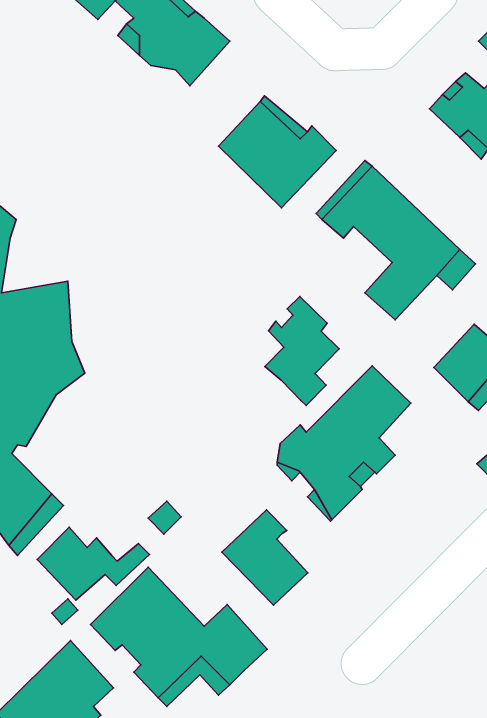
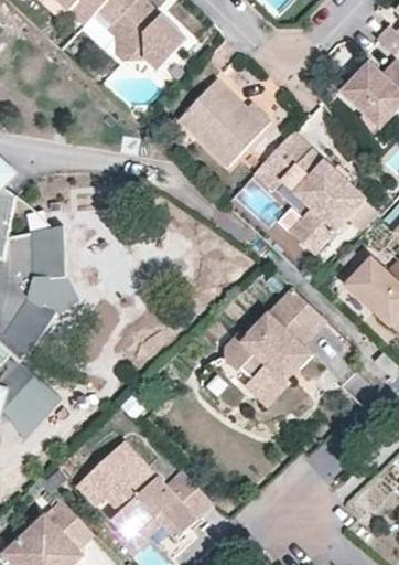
building: [265,297,339,406] -> none
building: [222,510,308,605] -> none
building: [37,527,150,600] -> none

